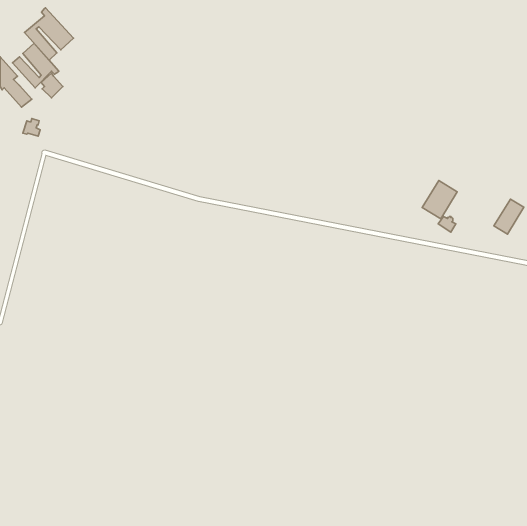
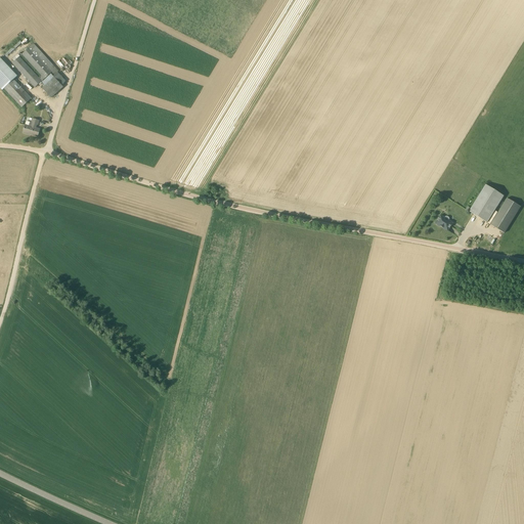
building: [24,8,73,60] -> none
building: [422,181,457,219] -> [469,184,504,222]

